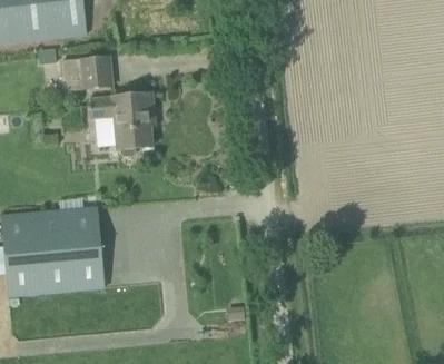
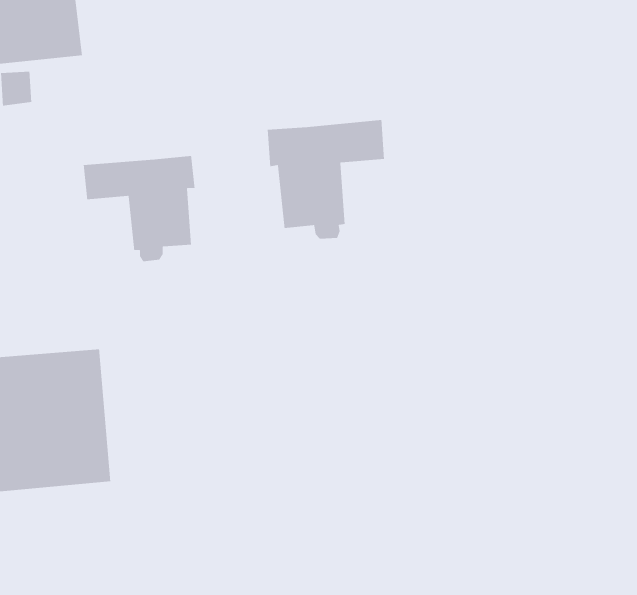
building: [60,55,112,91] -> none
building: none -> [267,119,385,240]

